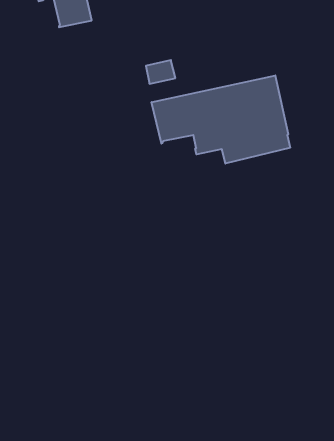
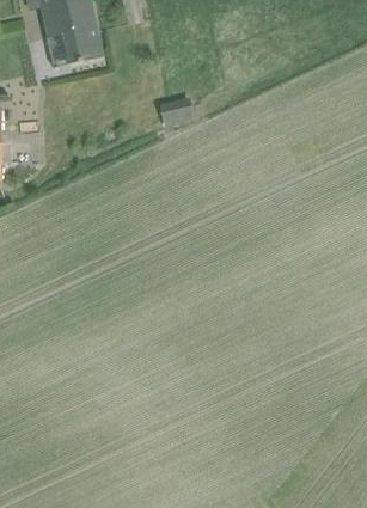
building: [152,75,290,164] -> none

